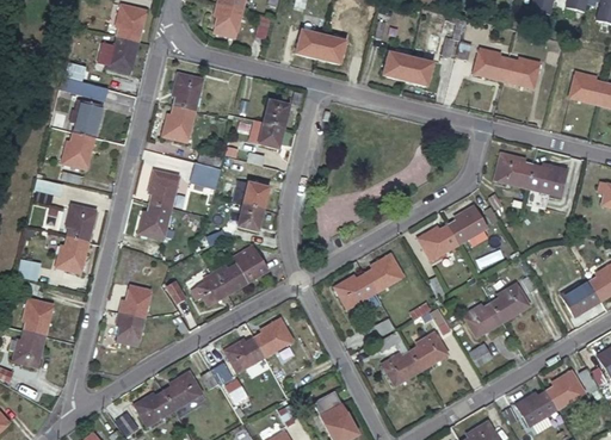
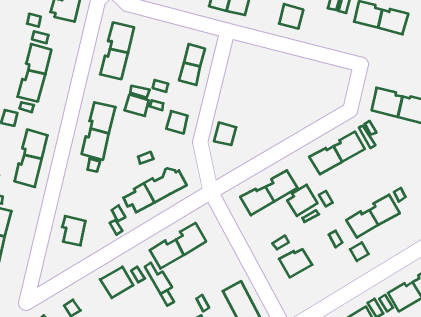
building: [405,57,432,86] -> none
building: [236,203,264,230] -> [214,123,236,145]
building: [118,283,149,316] -> none
building: [409,331,446,370] -> [287,185,317,216]
building: [132,388,175,427] -> none

